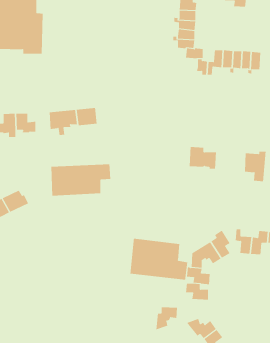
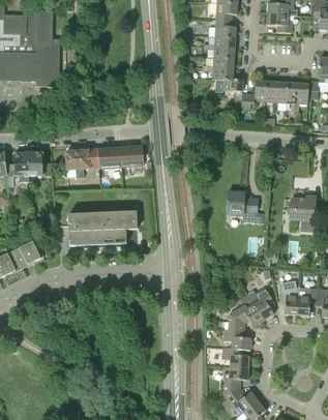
building: none -> [120,145,144,166]
building: [130,238,188,280] -> none
building: [155,307,178,330] -> [223,366,249,393]

